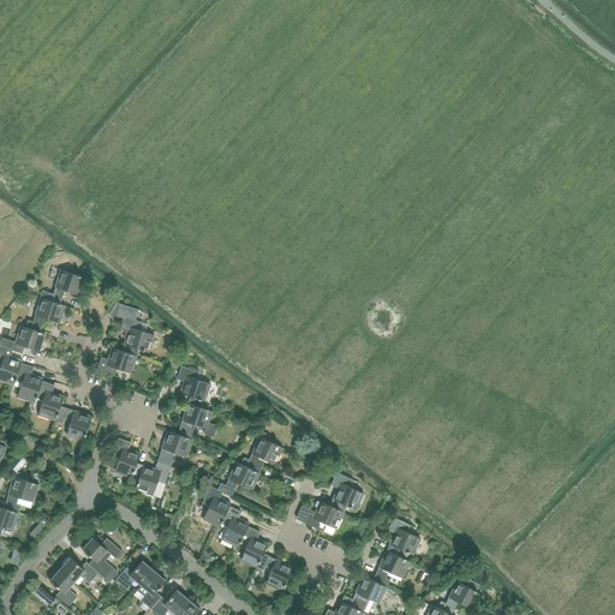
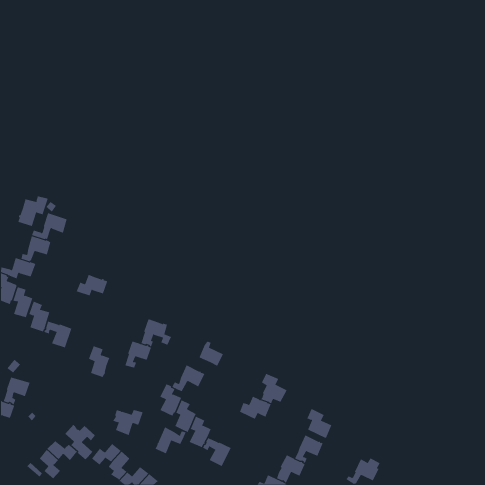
building: none -> [17,195,48,227]
building: [118,304,155,356] -> none
building: [177,366,211,410] -> none
building: [131,462,171,496] -> [112,409,144,436]
building: none -> [155,426,186,454]

